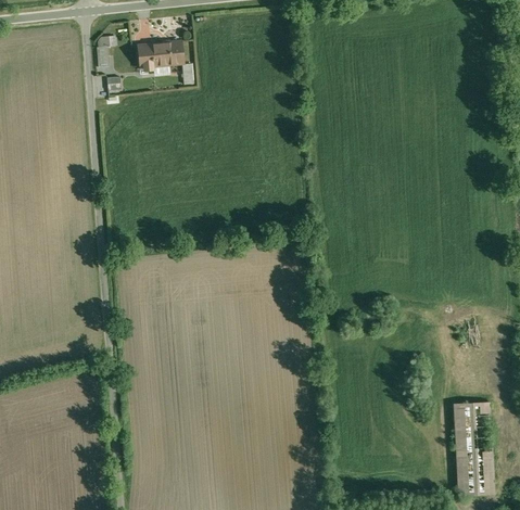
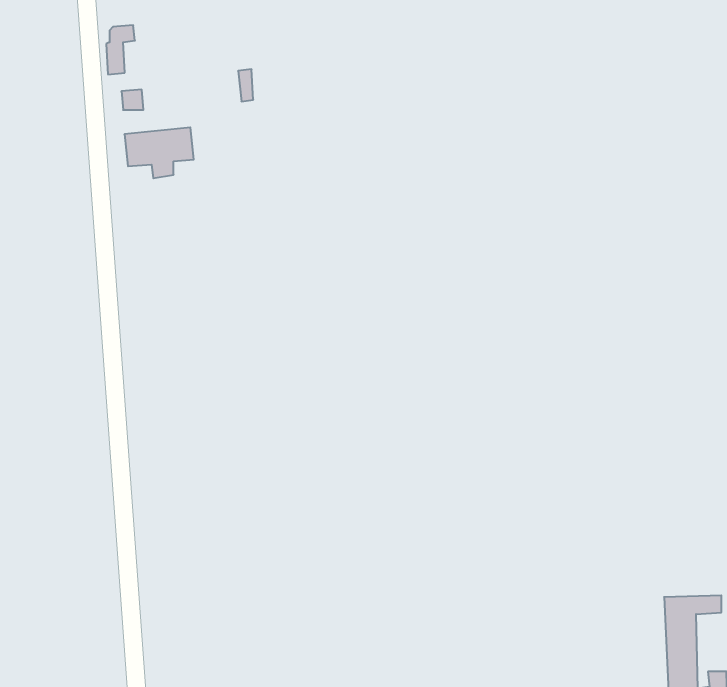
building: [137,41,181,74] -> [124,127,194,178]

